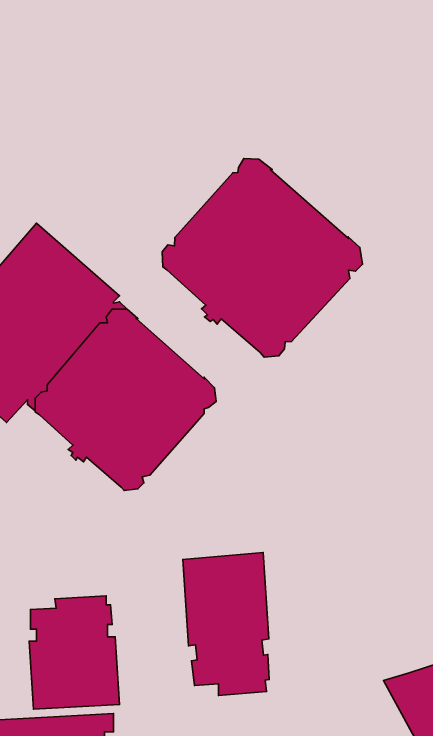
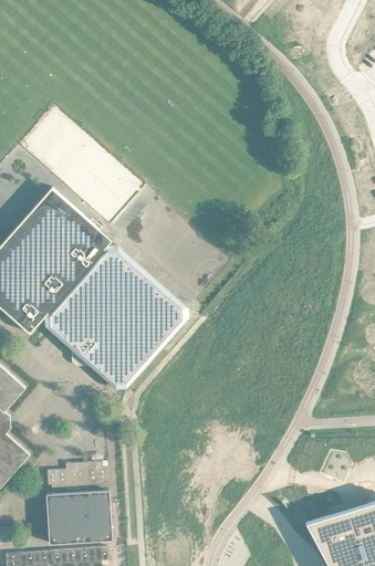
building: [162,159,362,357] -> none
building: [183,553,269,695] -> none

